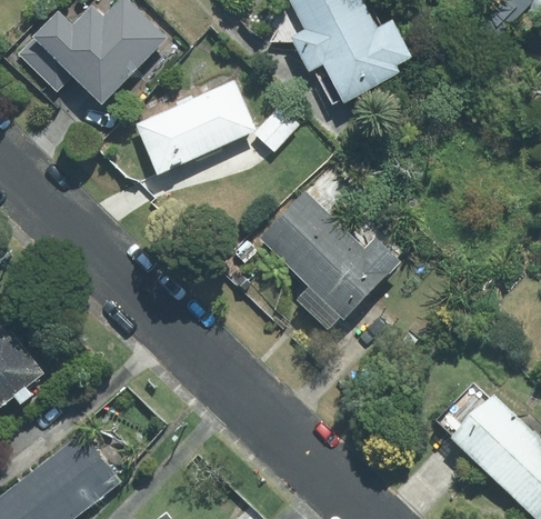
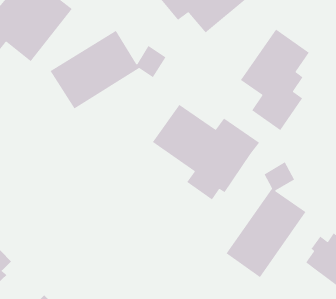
building: none -> [240,28,310,131]
building: none -> [225,161,307,278]

